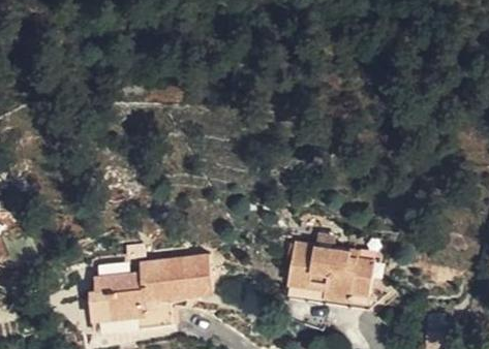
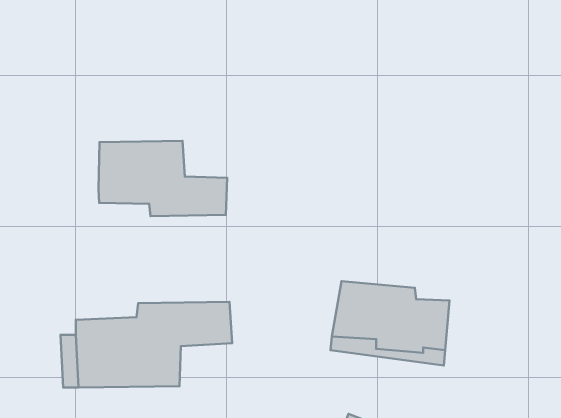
building: none -> [99,141,227,216]

